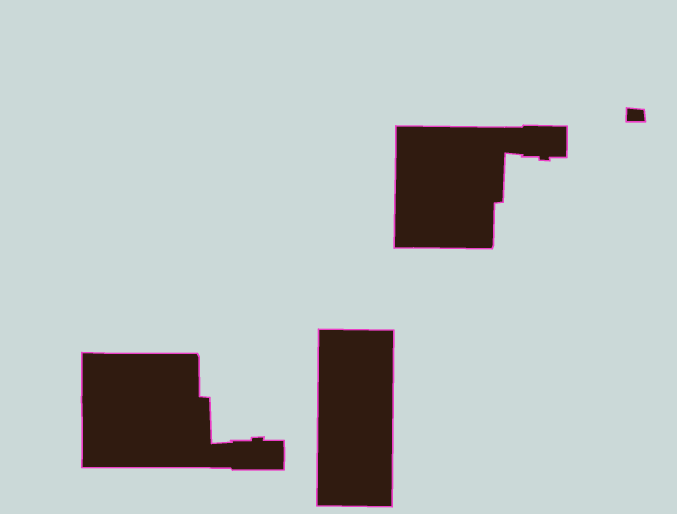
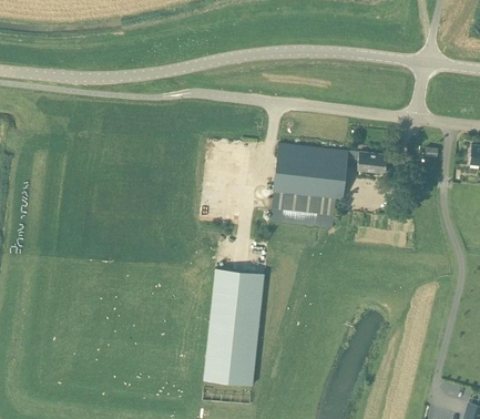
building: [82,353,284,470] -> none

